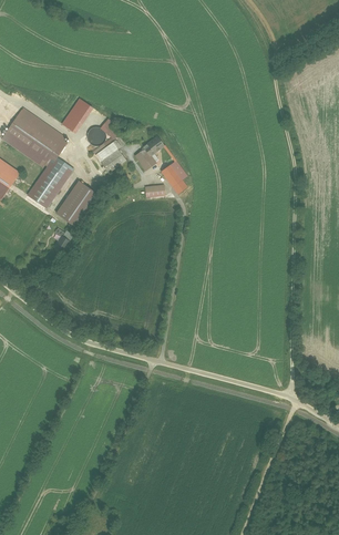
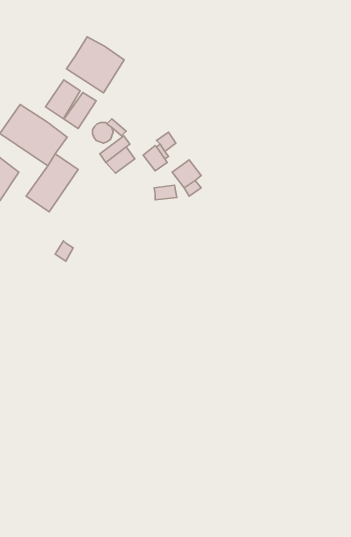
building: none -> [66,37,124,93]
building: none -> [45,80,80,119]
building: [54,179,99,228] -> none

